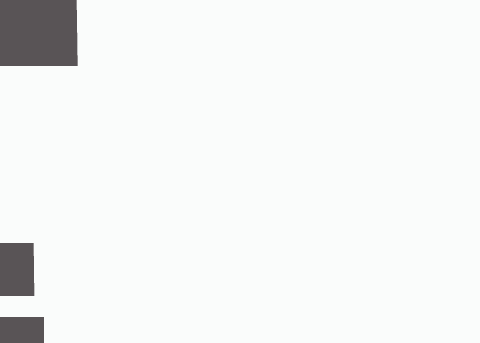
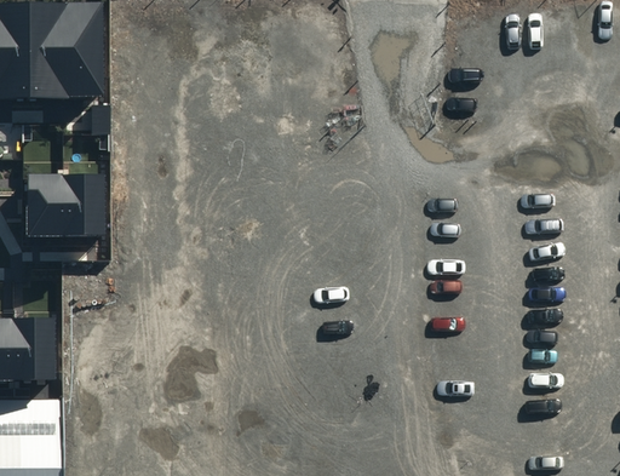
building: none -> [27,172,102,234]

